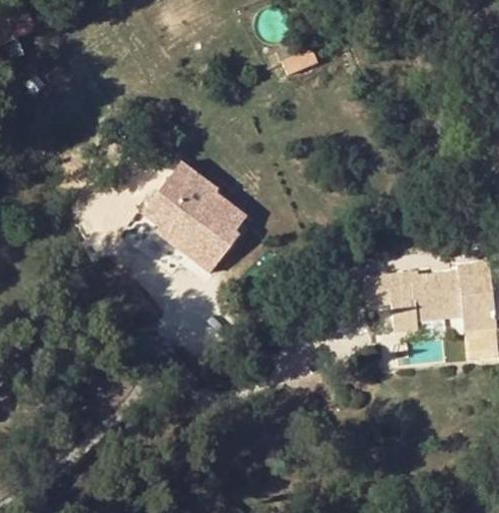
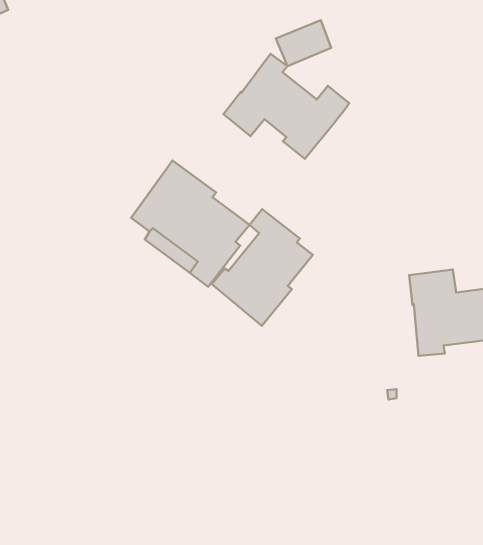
building: none -> [223,54,349,159]
building: none -> [212,209,313,326]

